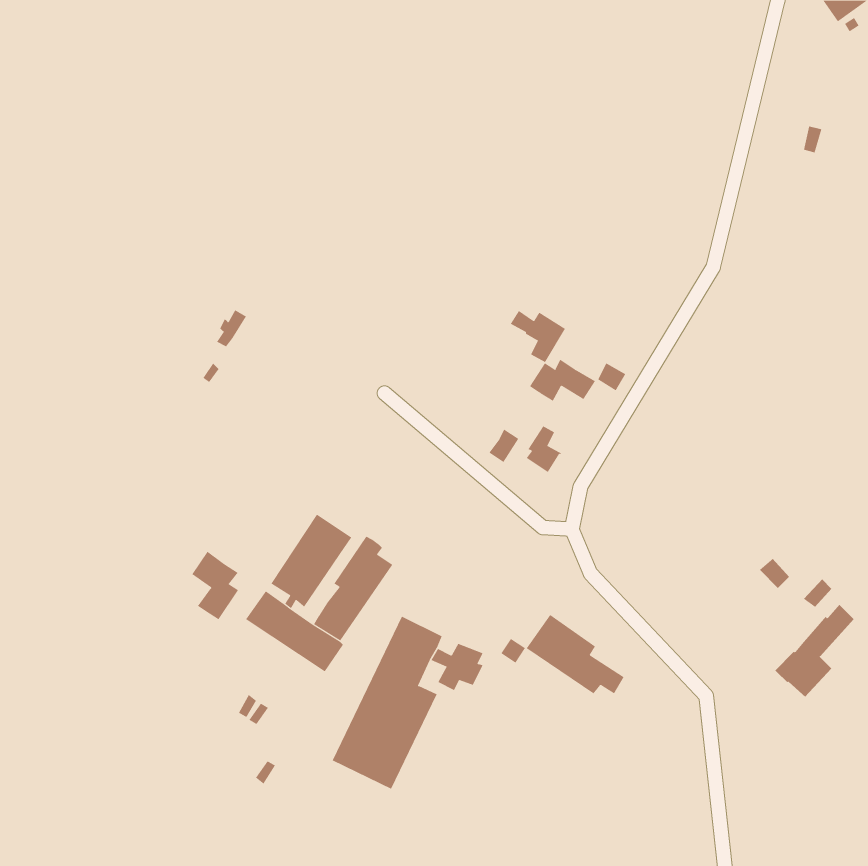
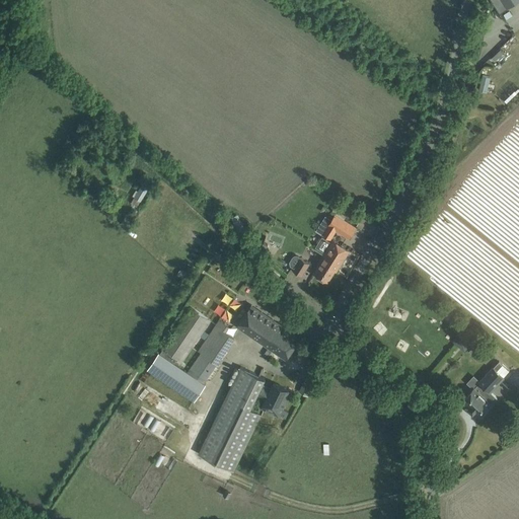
building: [510,310,566,363] -> [314,241,348,273]
building: [191,551,239,620] -> none
building: [526,614,625,694] -> [236,307,295,355]

